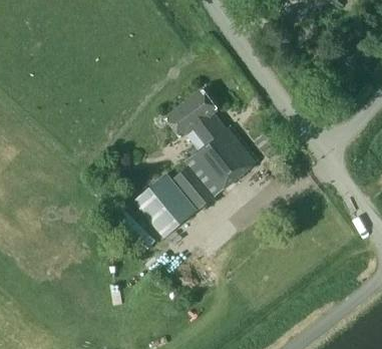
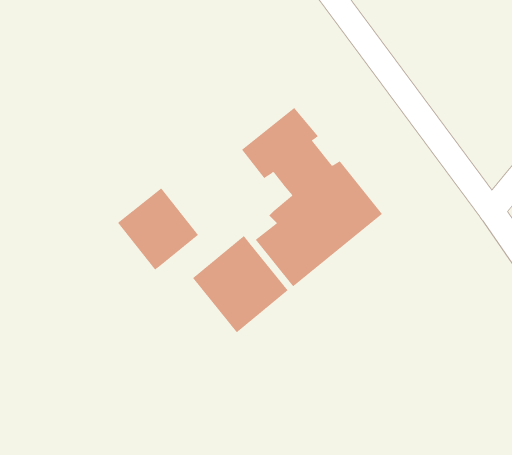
building: none -> [117,187,199,271]

